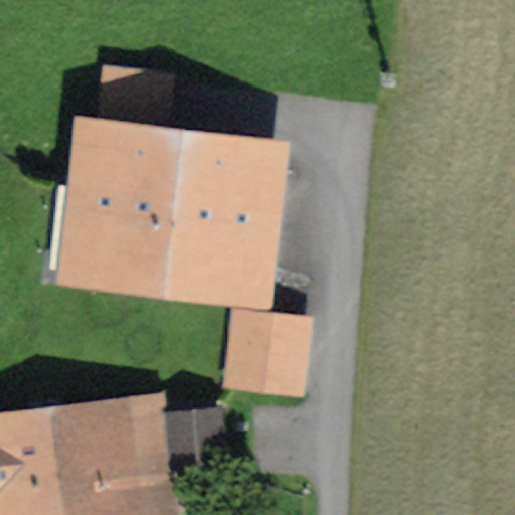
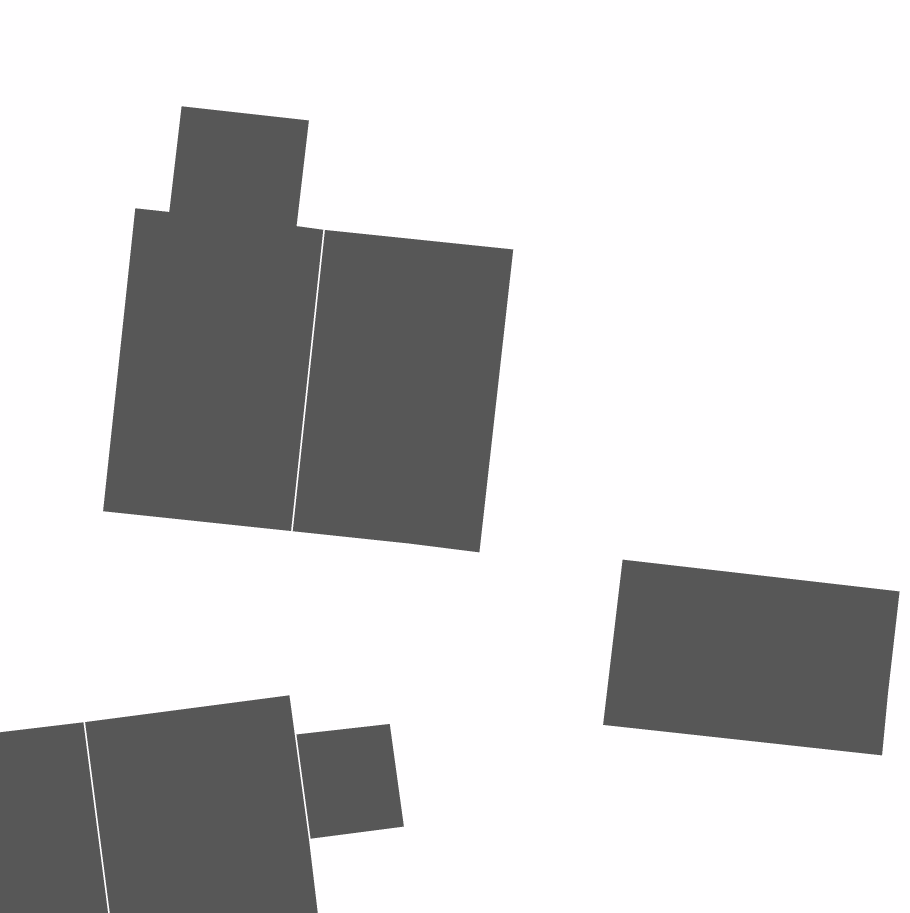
building: [221,307,312,393] -> none
building: none -> [602,559,900,756]

